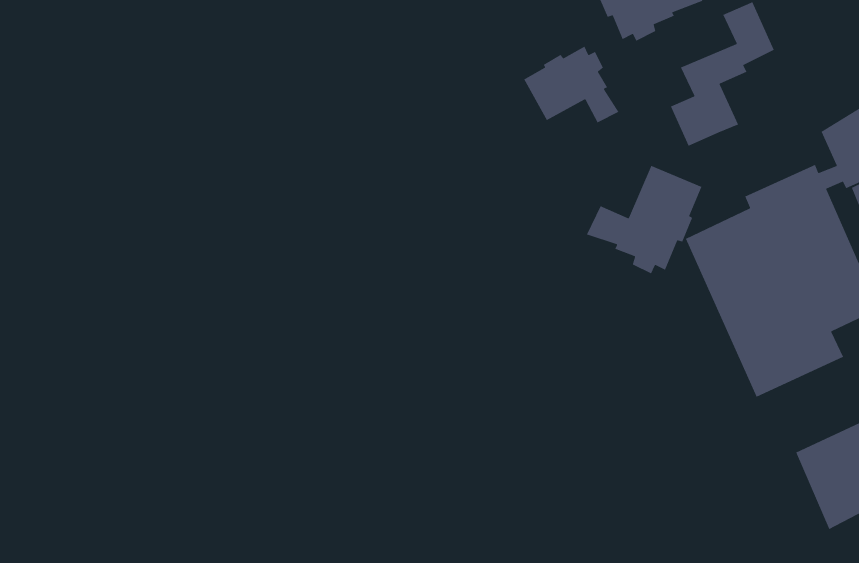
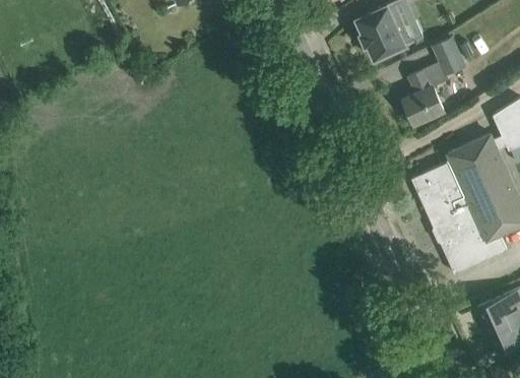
building: [523,46,620,123] -> none
building: [586,165,702,274] -> none

